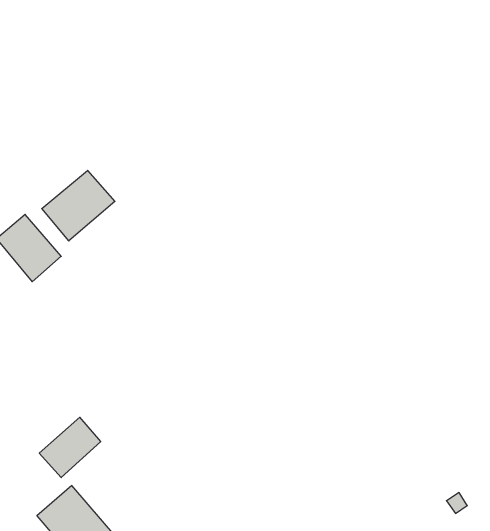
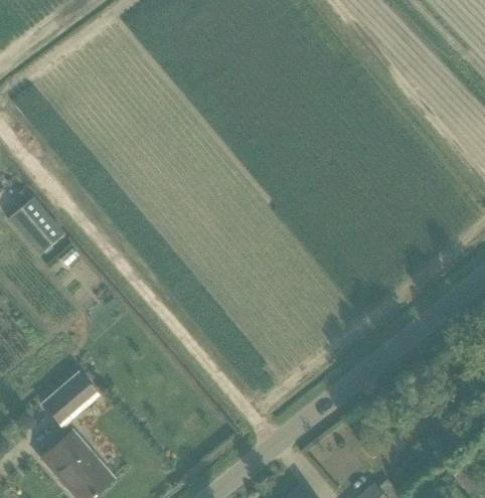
building: [42,170,115,241] -> none

